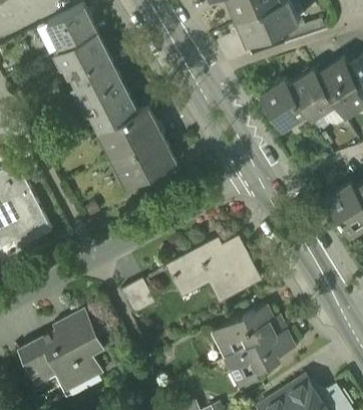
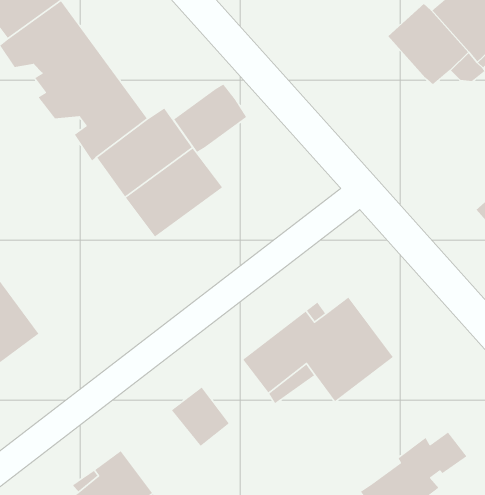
building: [260,79,307,132] -> none
building: none -> [173,84,247,153]
building: [212,304,285,355] -> none

